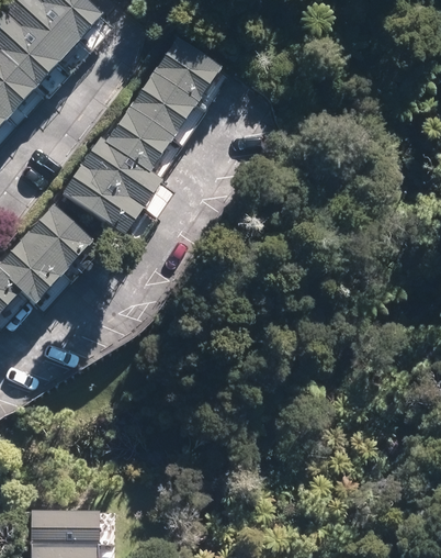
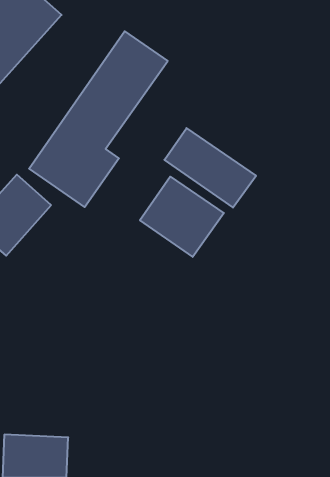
building: none -> [164,128,256,208]
building: none -> [140,177,224,257]

